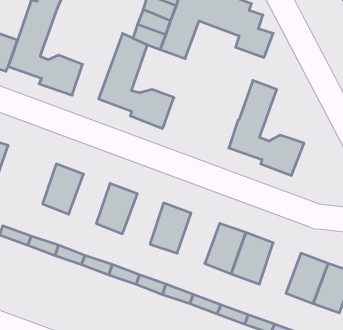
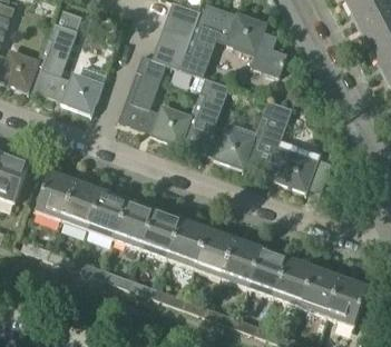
building: none -> [183,78,254,169]
building: none -> [36,170,77,219]
building: none -> [89,190,129,238]
building: none -> [141,209,182,258]
building: none -> [195,228,236,277]
building: none -> [275,257,315,306]

